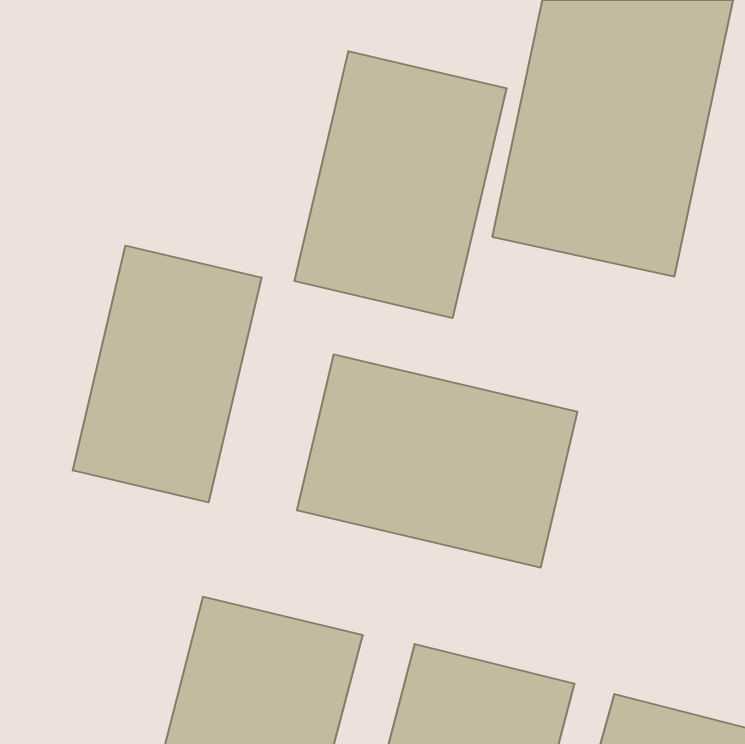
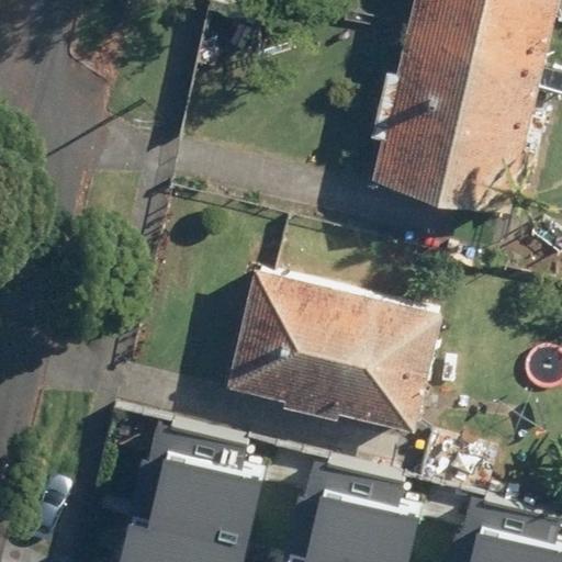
building: [294,51,506,318] -> none
building: [73,246,262,502] -> none

